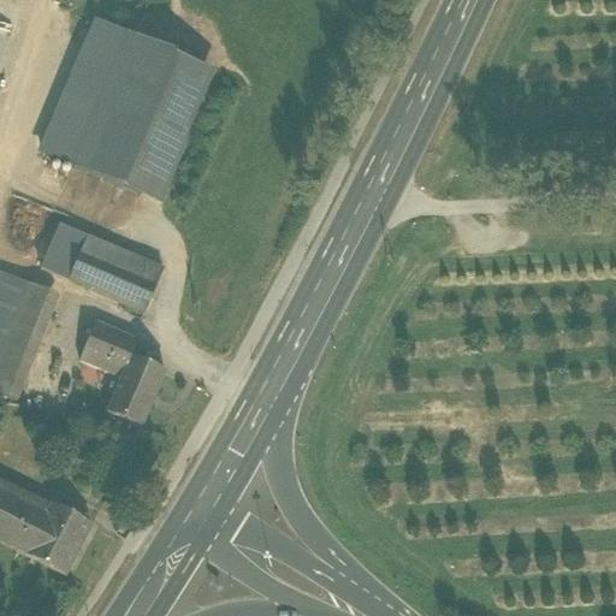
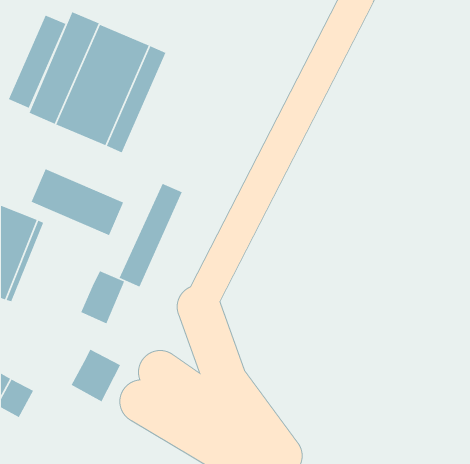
building: none -> [8,14,66,109]
building: none -> [119,183,183,288]
building: [78,320,136,374] -> none
building: [25,499,91,570] -> [71,348,121,403]

